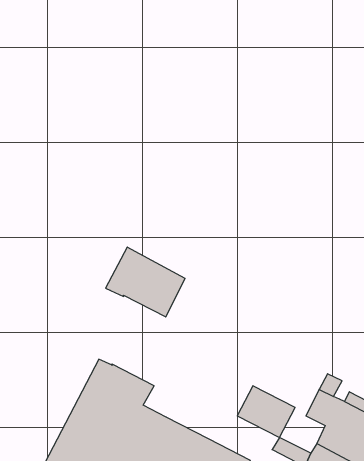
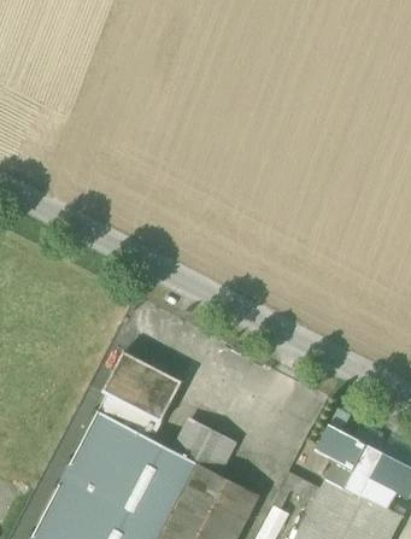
building: [106,247,185,317] -> [101,351,181,421]
building: [237,386,295,438] -> [174,422,231,474]

